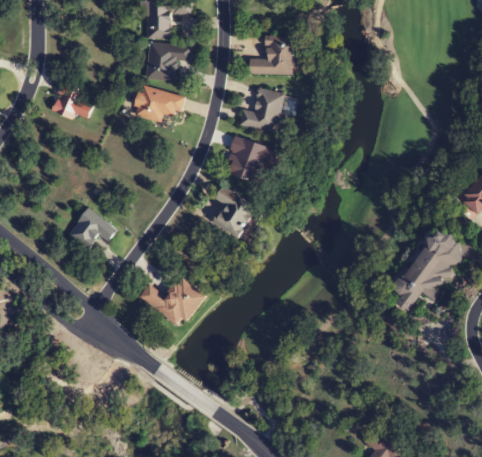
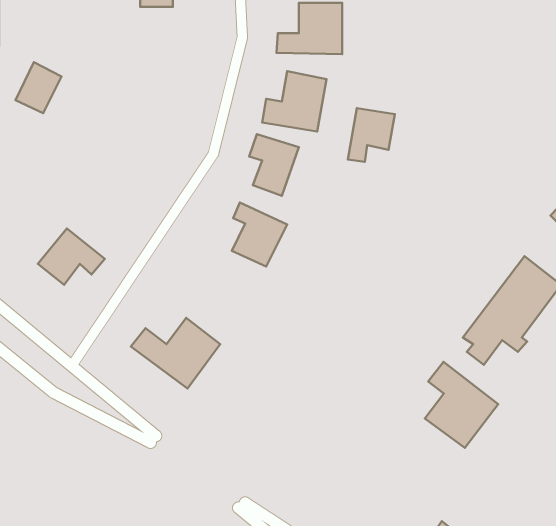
building: [145,43,191,80] -> none
building: [133,85,184,121] -> none
building: none -> [348,108,395,162]
building: none -> [425,362,498,448]

